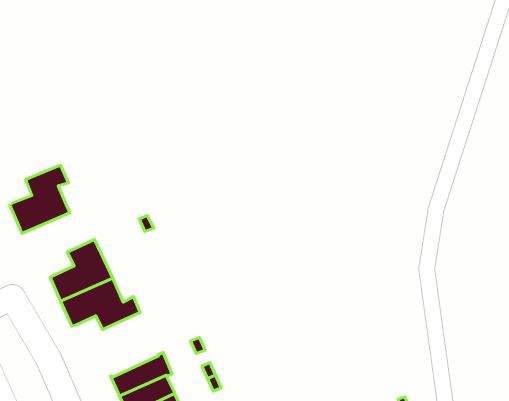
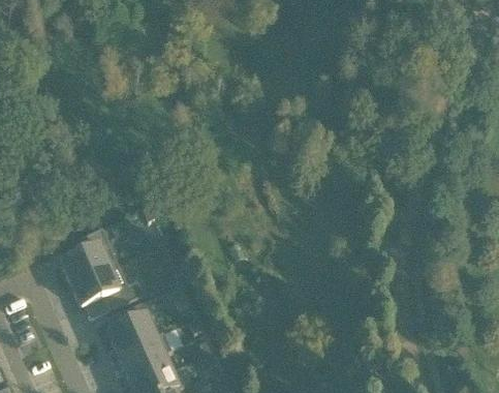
building: [10,165,70,234] -> none
building: none -> [107,301,160,354]

